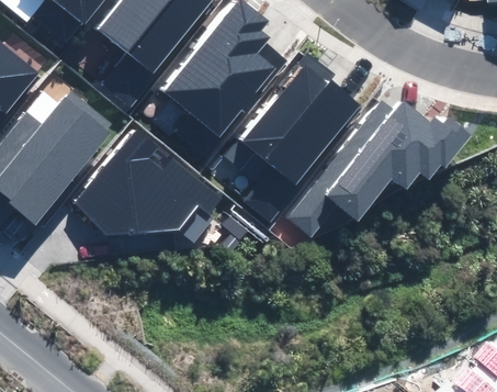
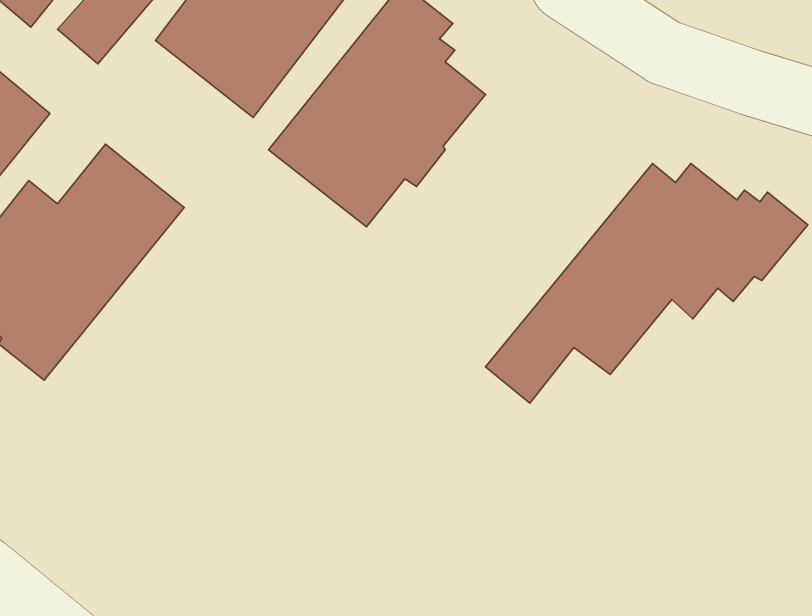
building: [226,53,360,223] -> none
building: [75,130,219,244] -> none

